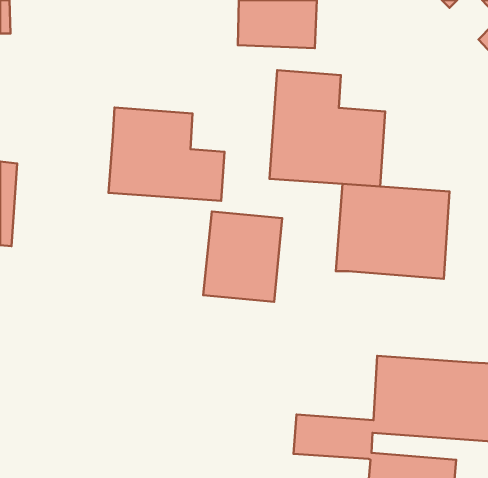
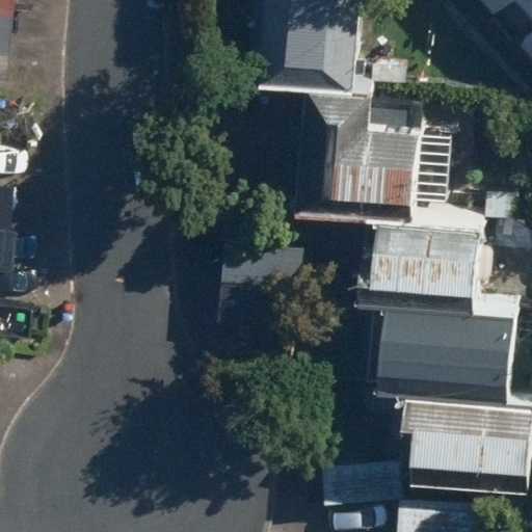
building: [108,108,224,201] -> none
building: none -> [374,308,520,406]

